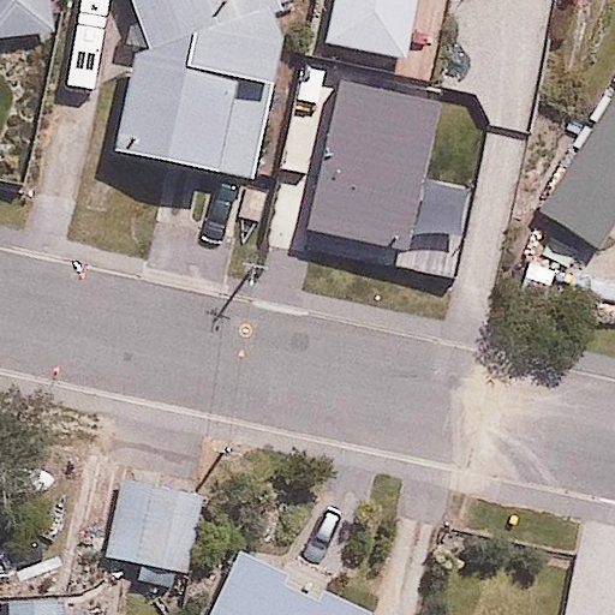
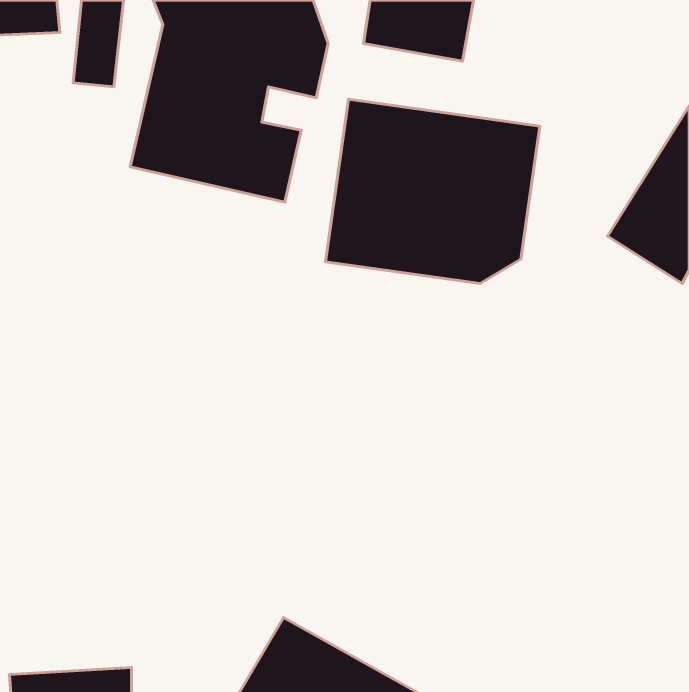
building: [123,480,196,569] -> none

